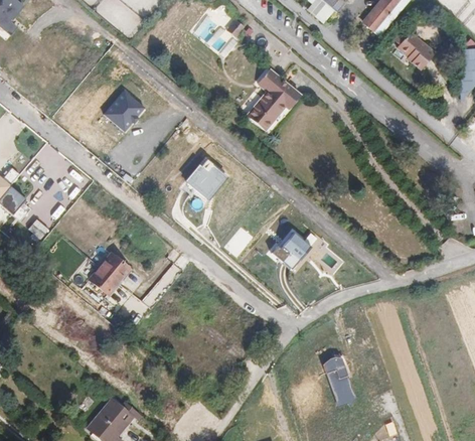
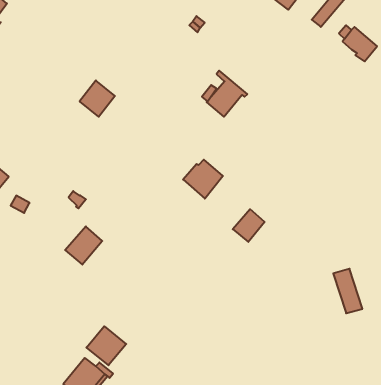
building: [260,69,300,106] -> none
building: [184,160,228,203] -> [183,160,223,199]
building: [324,355,356,405] -> [333,269,362,313]
building: none -> [86,326,126,365]

